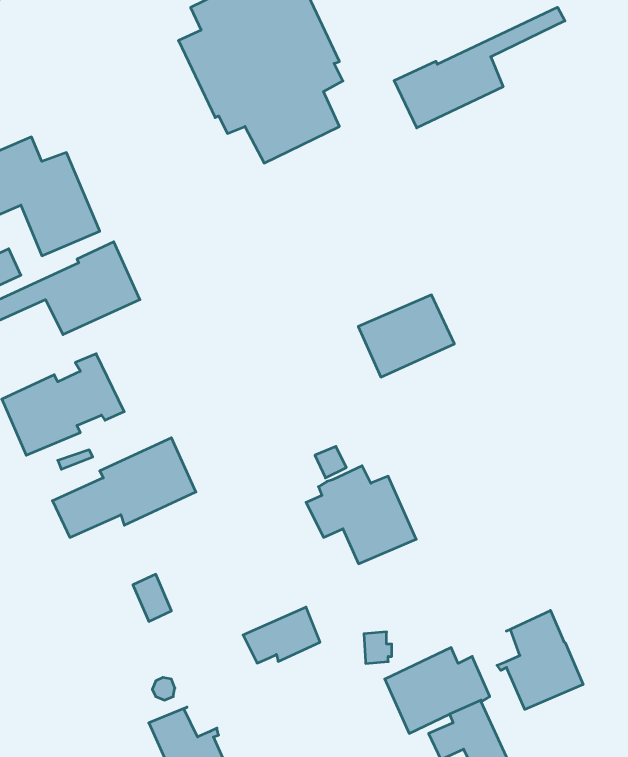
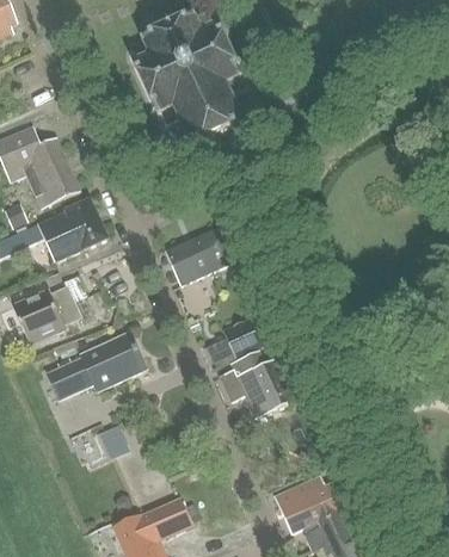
building: [394,7,565,128] -> none
building: [358,295,454,377] -> [165,228,230,284]
building: [243,607,320,663] -> [136,496,189,534]
building: [497,610,583,709] -> none

